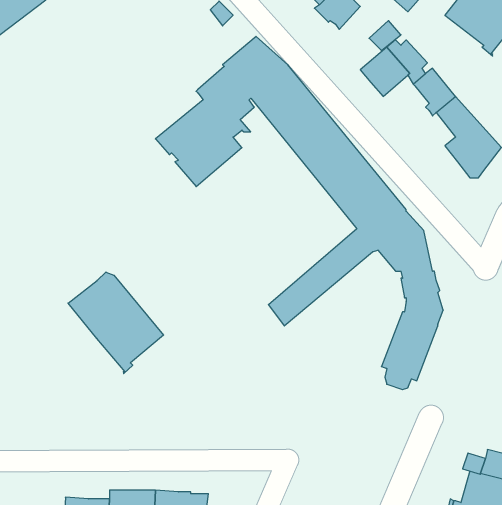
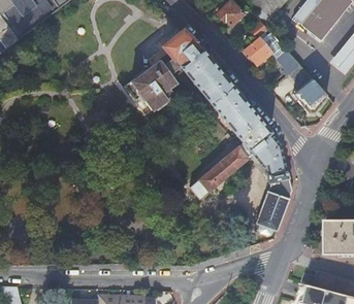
building: [68,272,164,374] -> none

